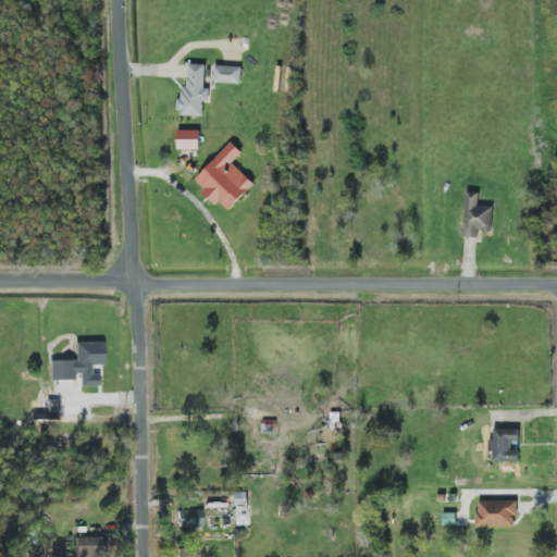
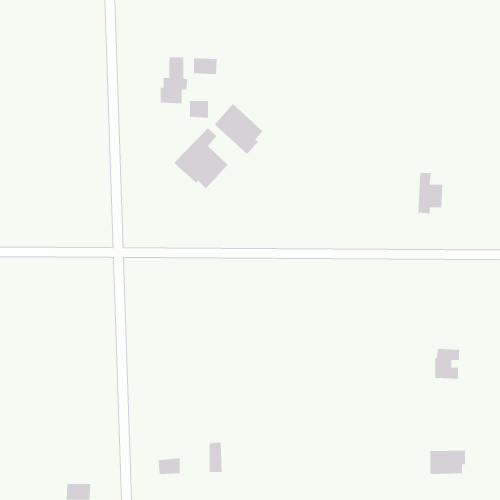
building: none -> [214,103,263,155]
building: [177,129,199,149] -> [189,100,209,118]
building: [49,341,102,385] -> none
building: [491,428,519,461] -> [434,349,460,379]

